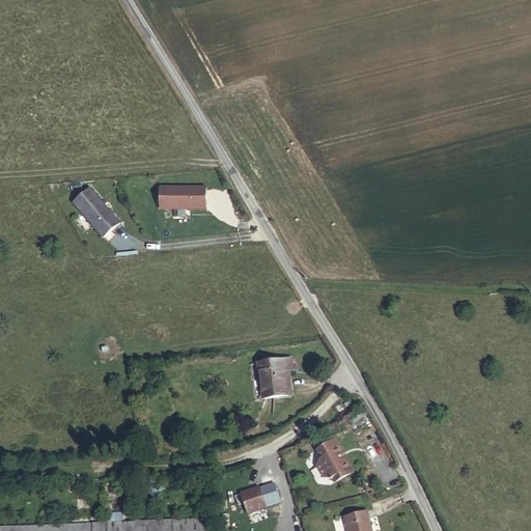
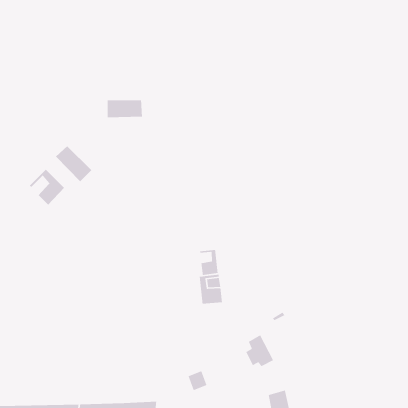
building: [157,189,203,213] -> [107,100,143,118]
building: none -> [29,169,65,205]
building: none -> [199,249,219,276]

